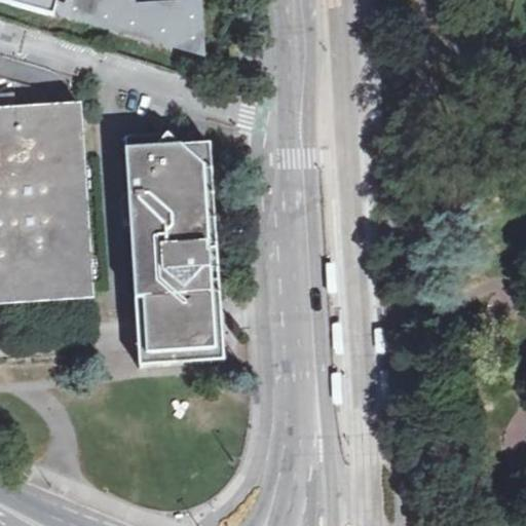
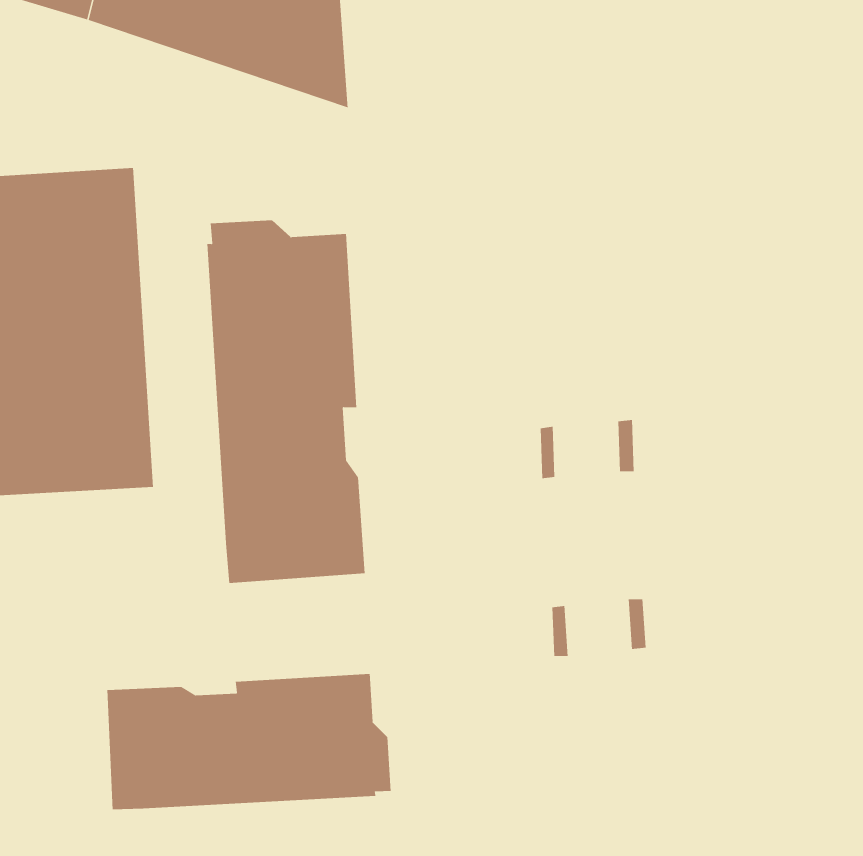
building: none -> [107,673,391,810]

